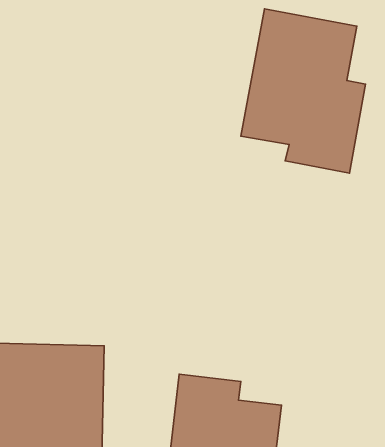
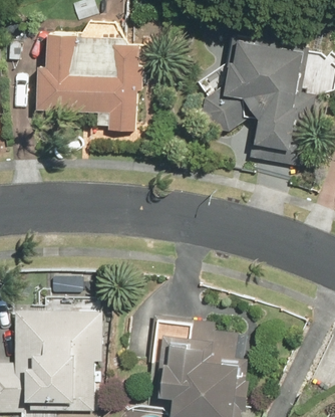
building: none -> [37,33,141,131]

